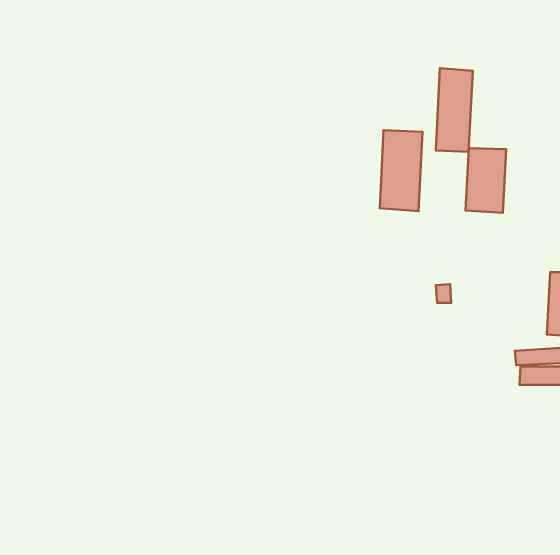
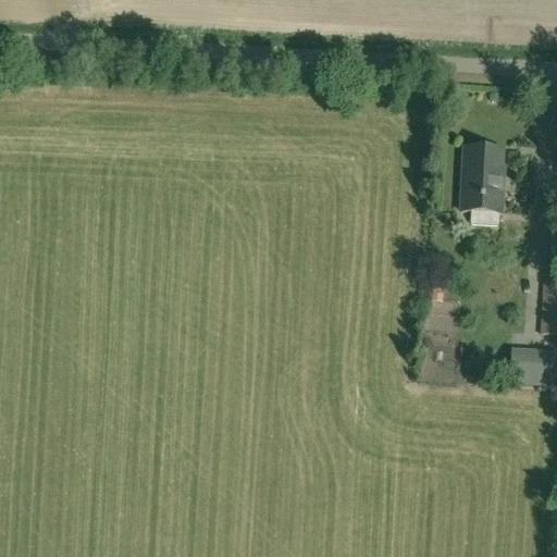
building: [436,68,473,152] -> none
building: [380,130,423,211] -> none

